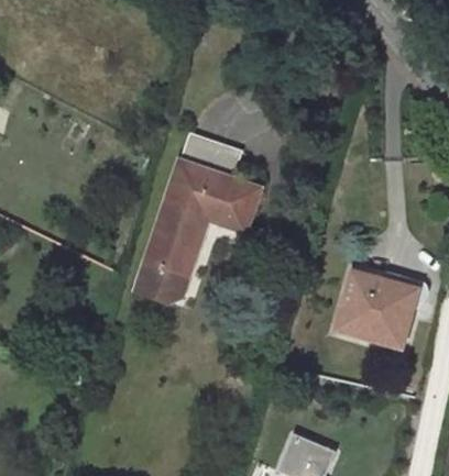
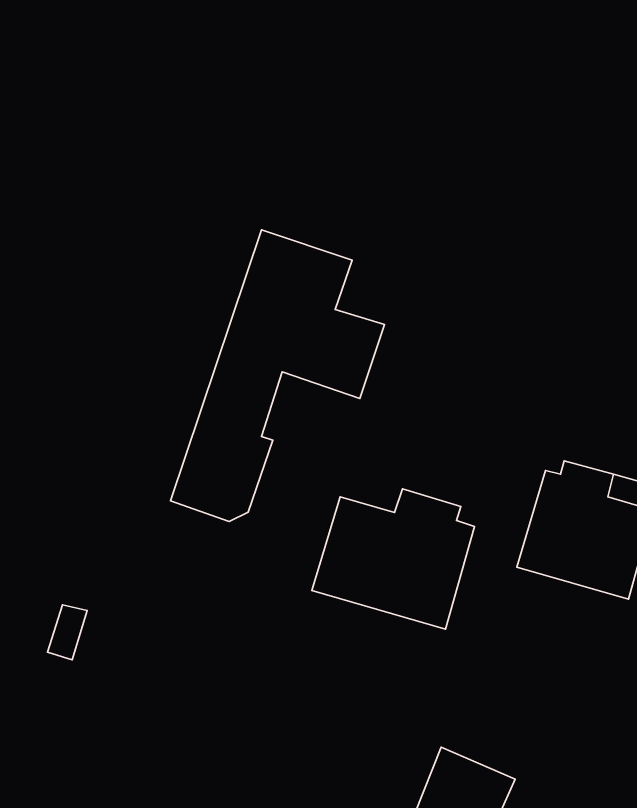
building: none -> [312,489,474,629]

